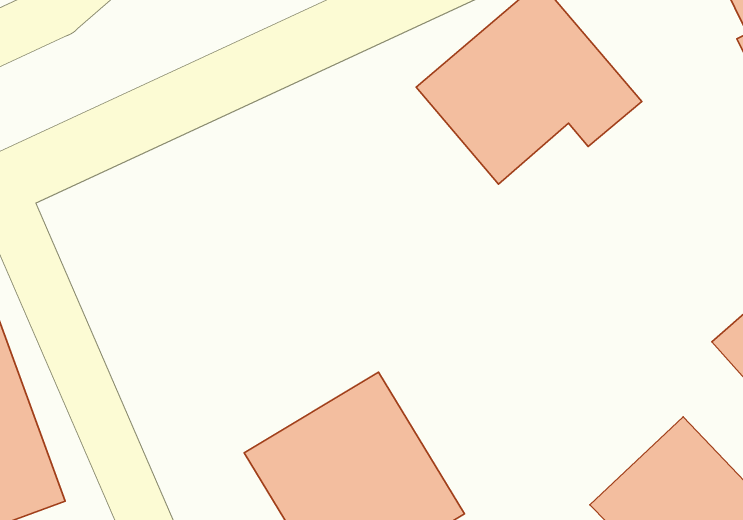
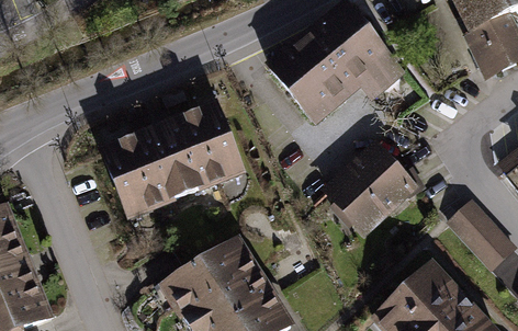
building: none -> [103,102,246,218]
building: none -> [322,139,423,239]

